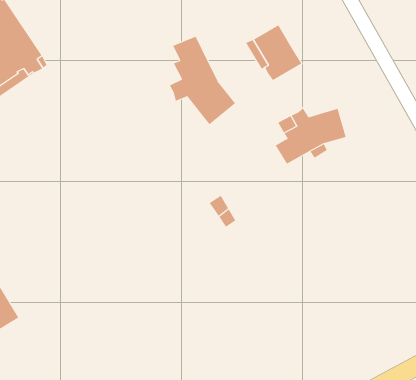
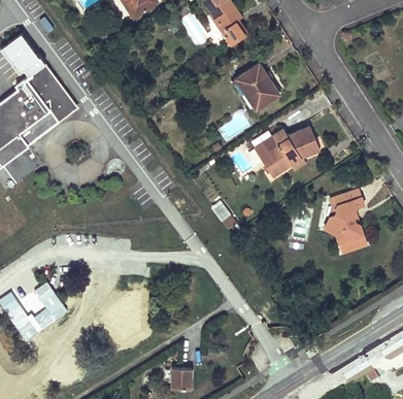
building: [169,36,236,125] -> none
building: none -> [323,190,366,254]

